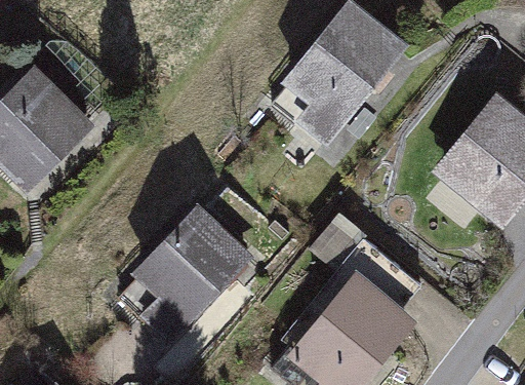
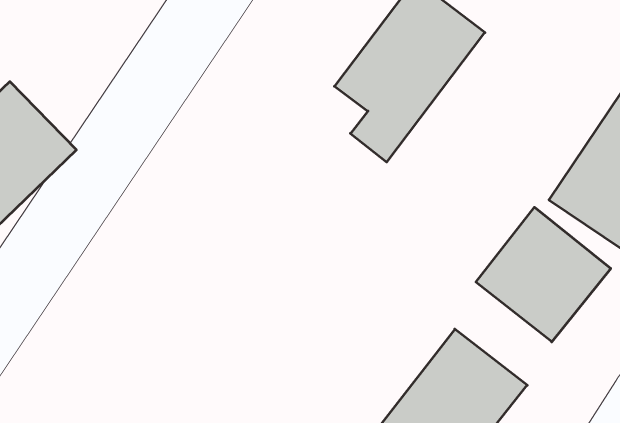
building: none -> [476,207,611,342]
building: [130,208,244,321] -> none

